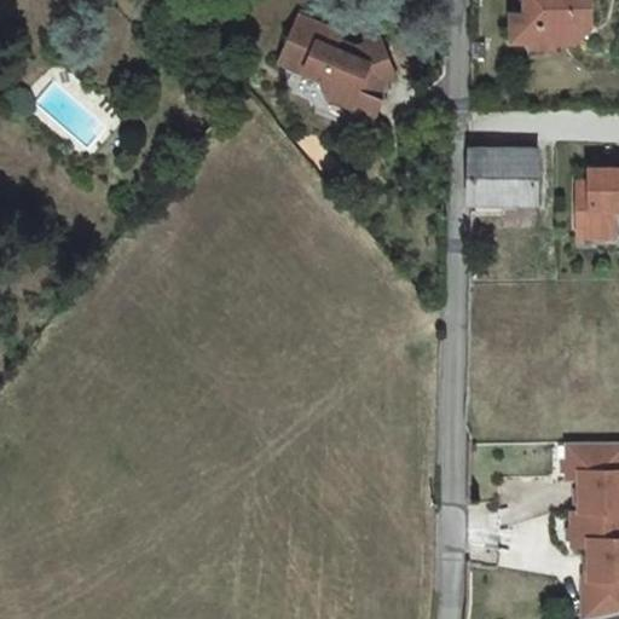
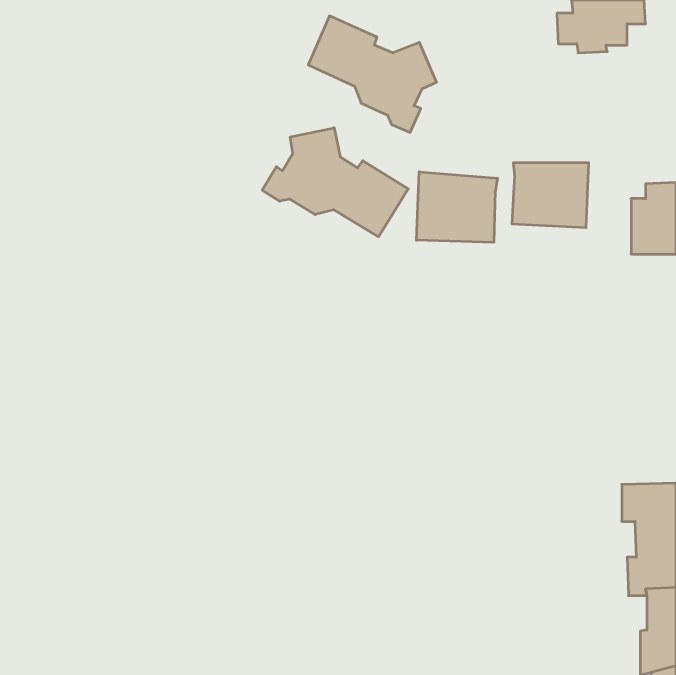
building: none -> [262,128,408,237]
building: none -> [416,172,498,242]

